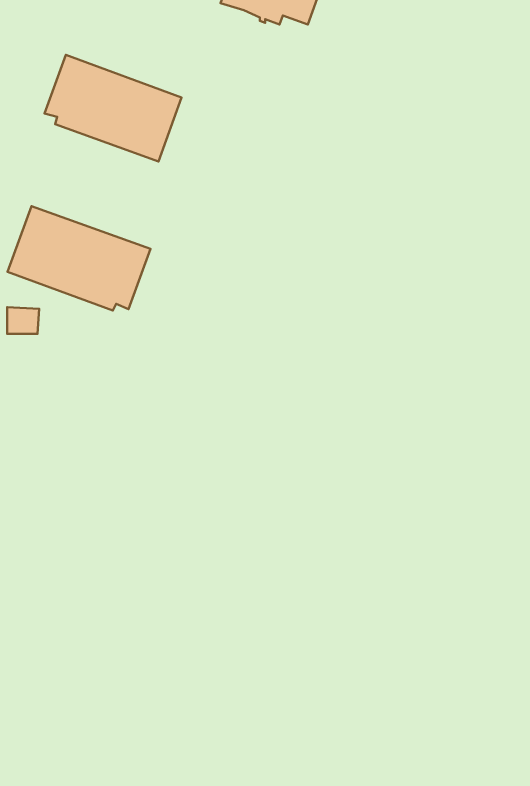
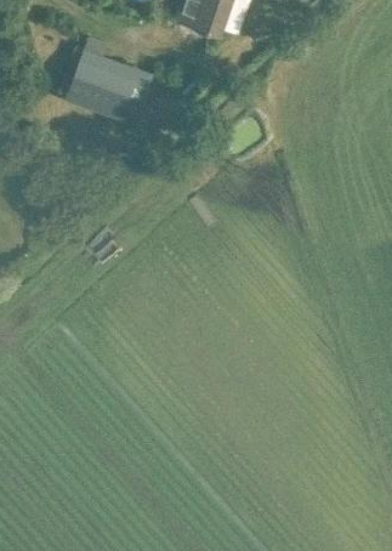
building: [7,206,150,311] -> none

